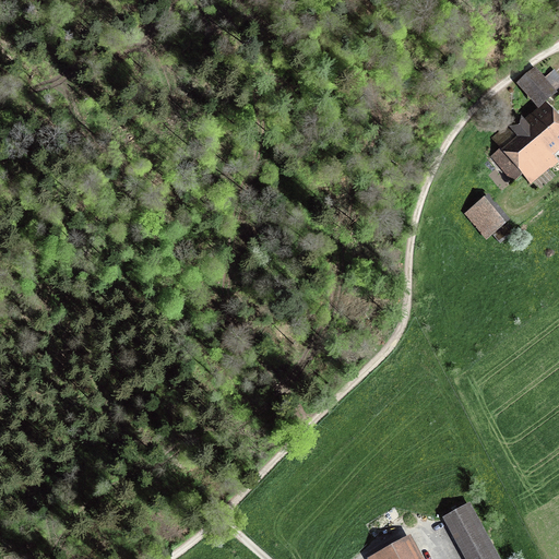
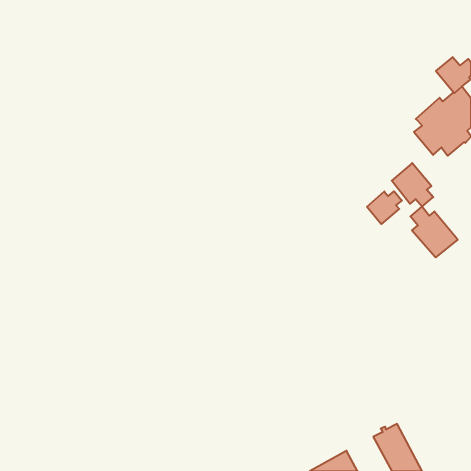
building: none -> [367,191,402,224]
building: none -> [410,206,458,257]

